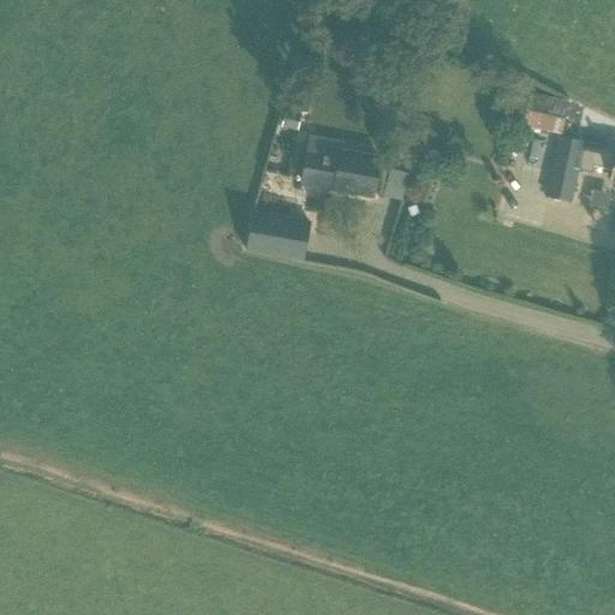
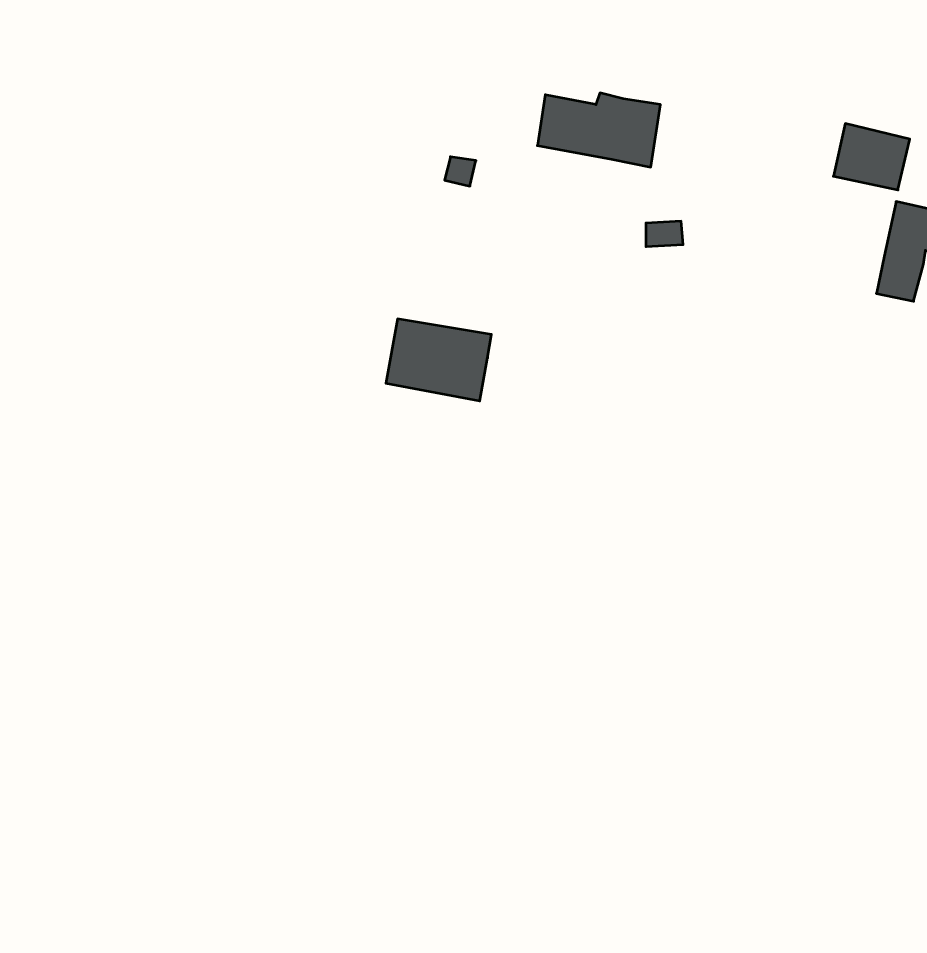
building: [304,151,380,197] -> [537,93,660,167]

